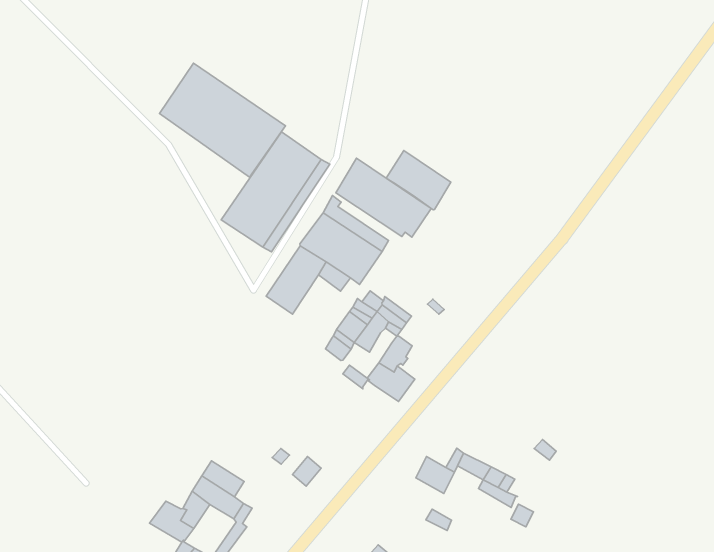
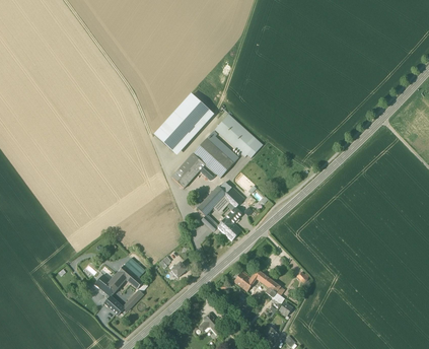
building: [160,63,285,177] -> none
building: [386,150,451,210] -> none

